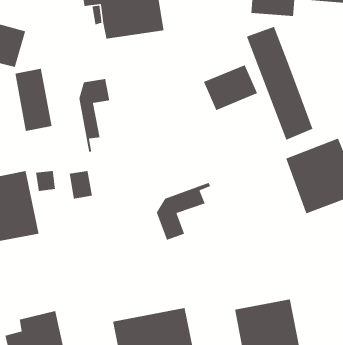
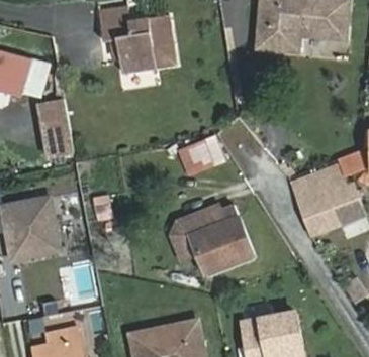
building: [246,26,313,141] -> none
building: [203,64,258,111] -> [173,134,224,177]
building: [78,78,110,153] -> none
building: none -> [190,204,256,275]

